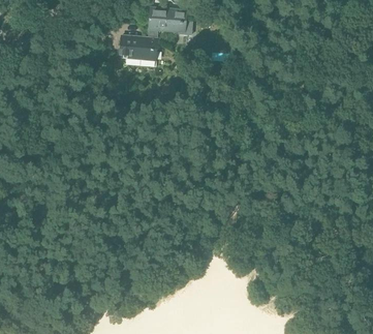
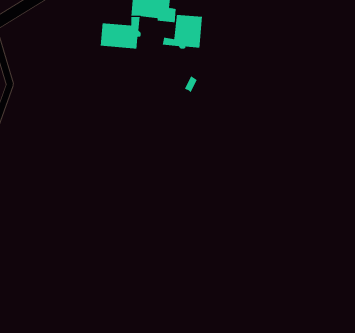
building: none -> [162,14,203,50]

